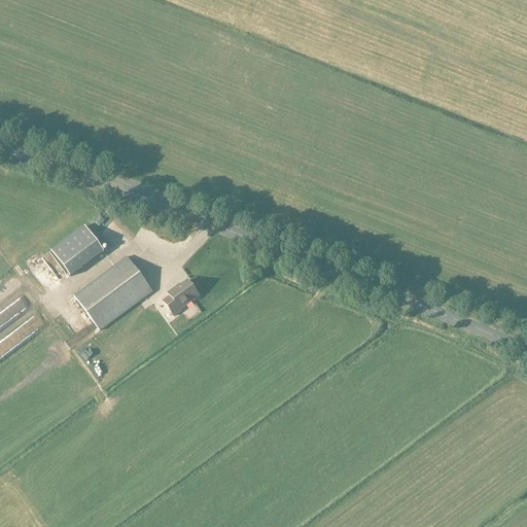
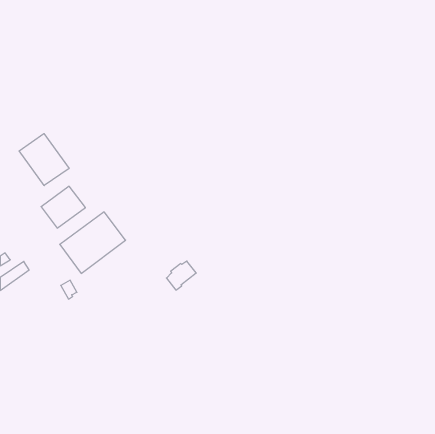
building: none -> [19,134,69,186]
building: [164,279,200,314] -> [166,261,196,290]

